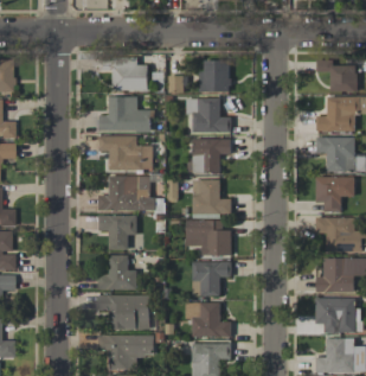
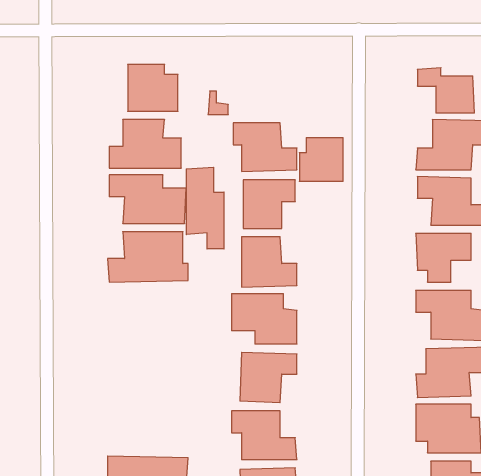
building: [199,60,230,91] -> [299,138,343,181]
building: none -> [186,167,224,249]
building: [98,215,137,250] -> none
building: [99,255,139,289] -> none
building: [99,294,150,330] -> none

